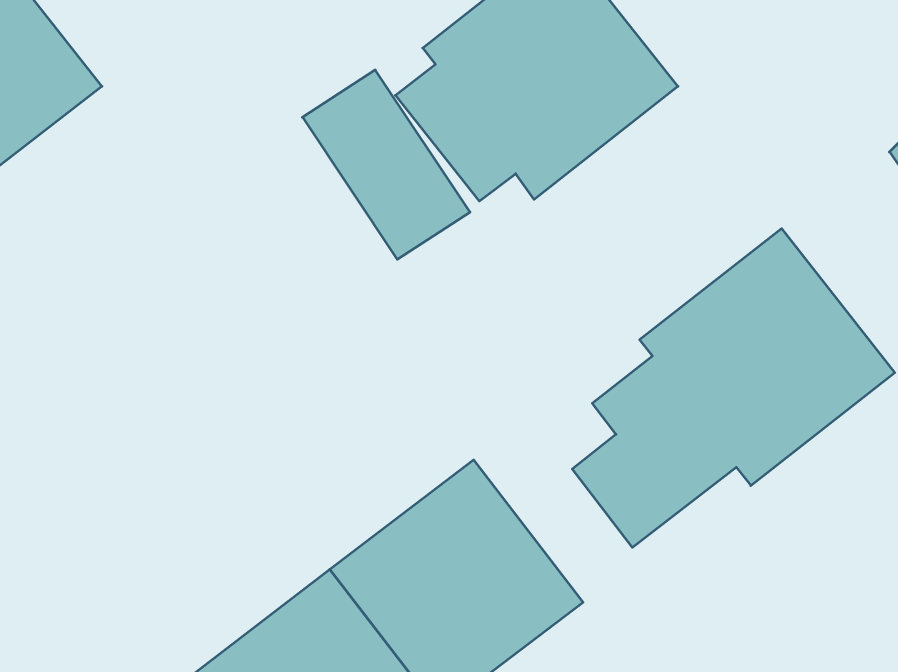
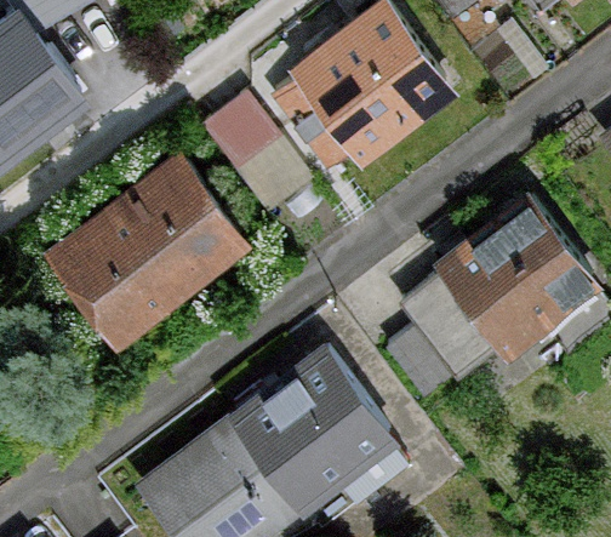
building: none -> [44,153,250,349]

